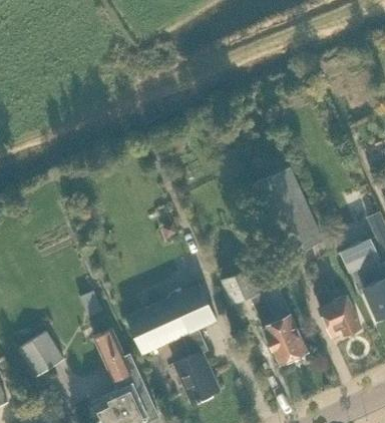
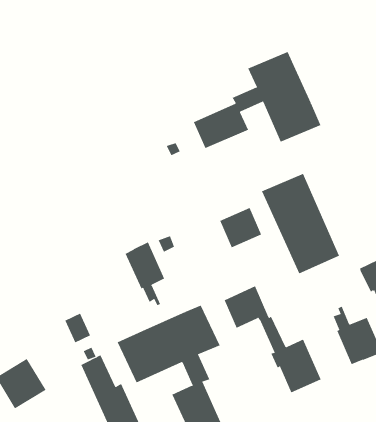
building: none -> [193,51,321,149]
building: none -> [219,207,262,248]
building: none -> [125,241,165,306]

